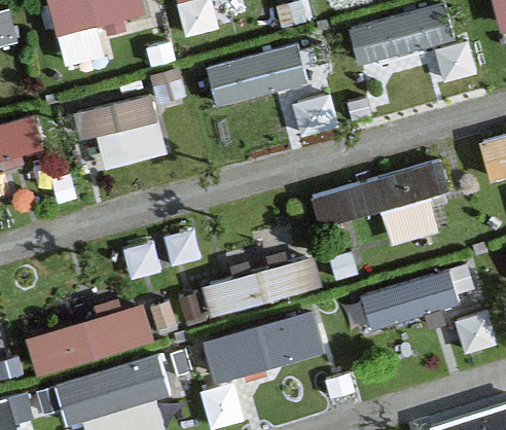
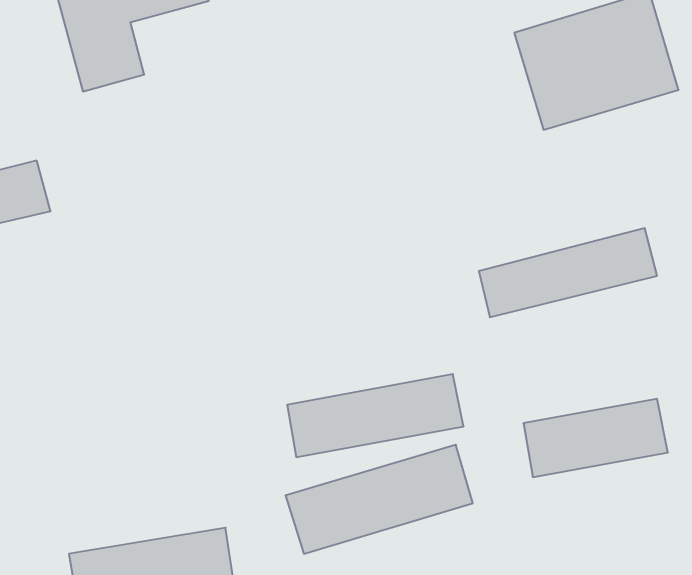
building: [204,40,311,114] -> none
building: [88,98,165,171] -> none
building: [26,299,154,377] -> none

